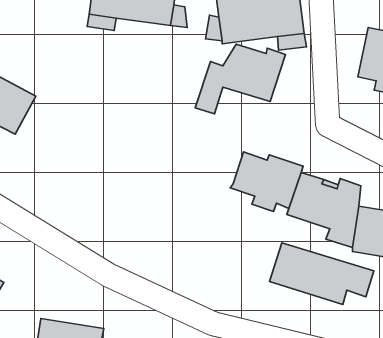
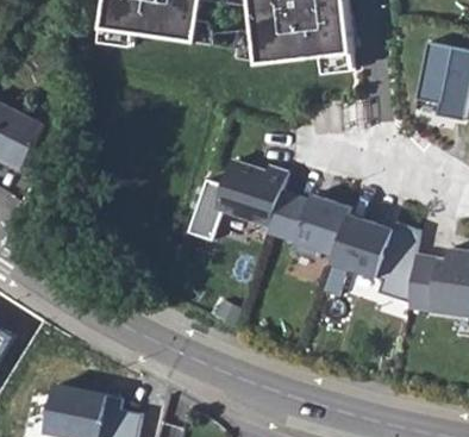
building: [195,44,286,114] -> [185,160,289,241]
building: [269,243,374,304] -> none

